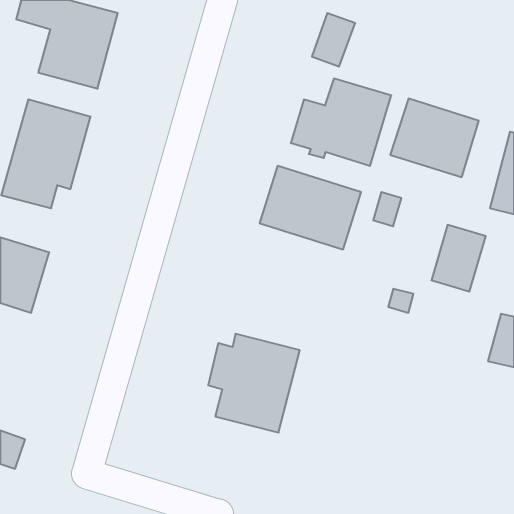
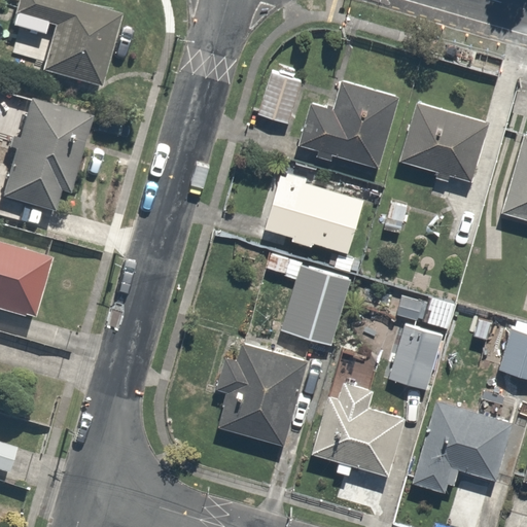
building: [312,13,355,67] -> [259,71,304,126]
building: [431,225,486,291] -> [387,324,443,392]
building: none -> [281,262,352,346]
building: none -> [312,383,406,478]
building: none -> [412,398,512,495]

